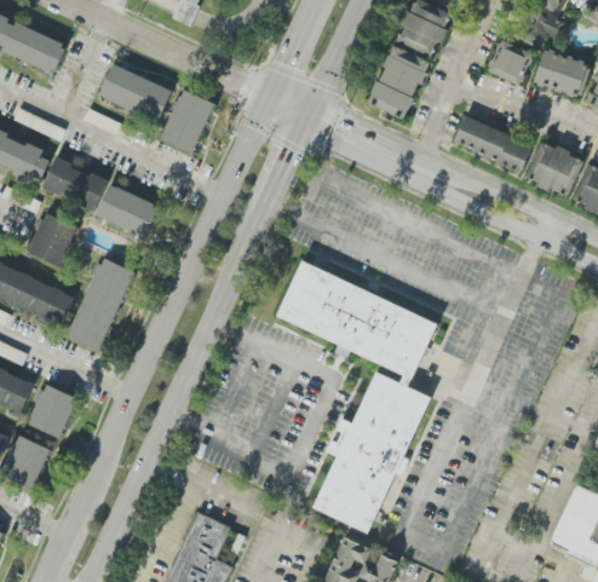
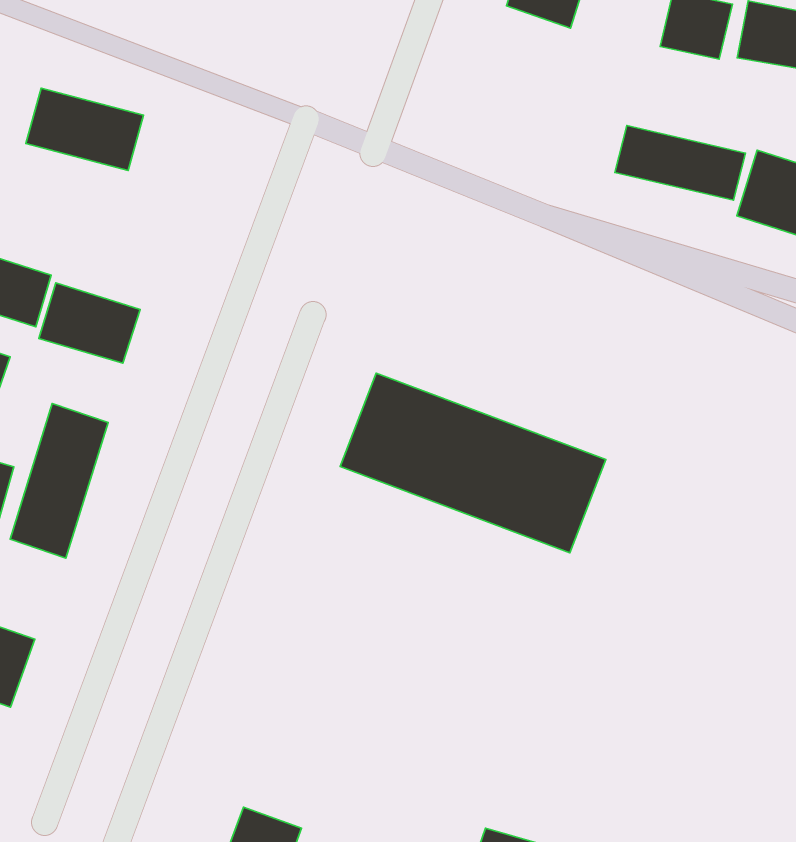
building: [368,46,431,121] -> none
building: [161,90,217,154] -> none
building: [306,369,426,531] -> none

